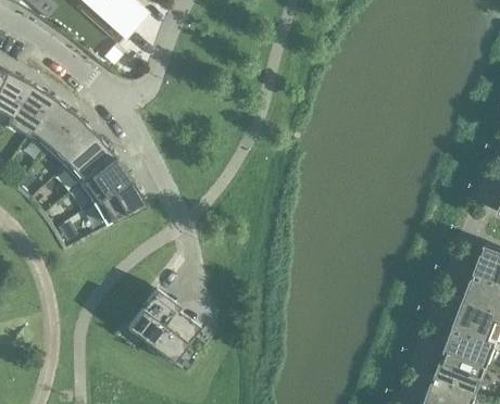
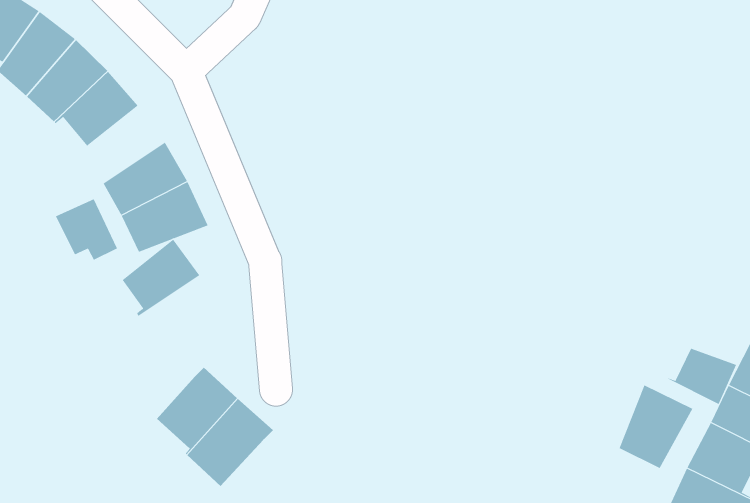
building: [66,136,114,186] -> [122,239,200,317]
building: none -> [666,348,737,405]
building: none -> [619,385,693,469]

